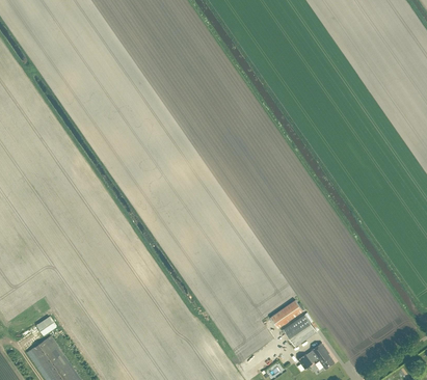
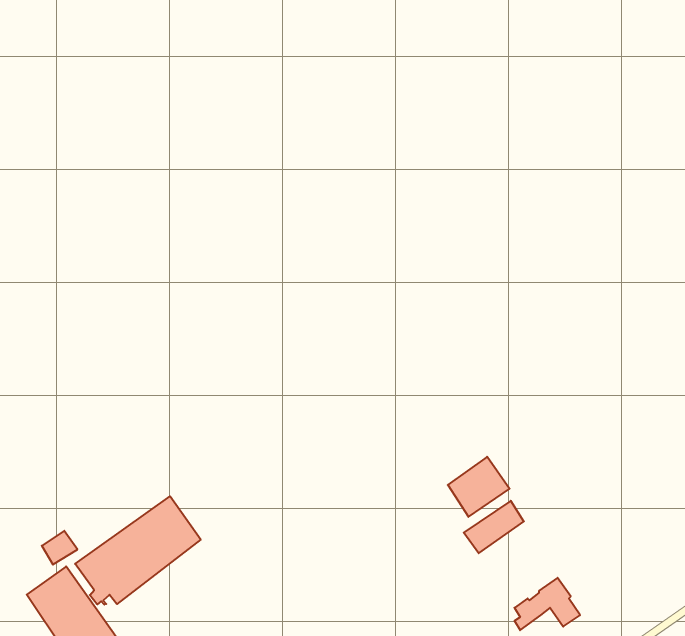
building: none -> [75,496,201,605]
building: [284,314,318,347] -> [448,457,510,517]

